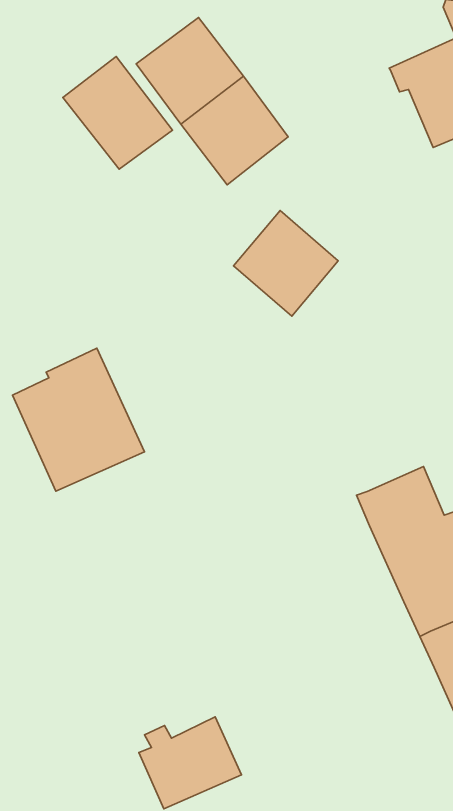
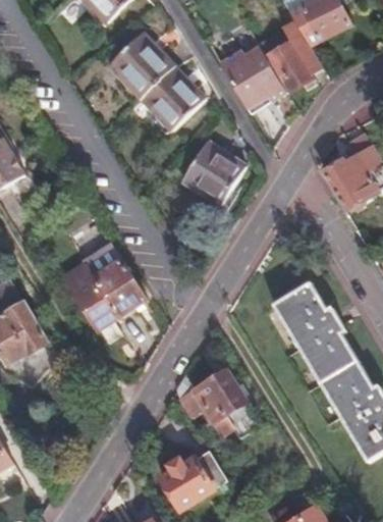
building: [63,57,172,169] -> none
building: none -> [221,47,287,108]
building: none -> [175,367,260,439]

